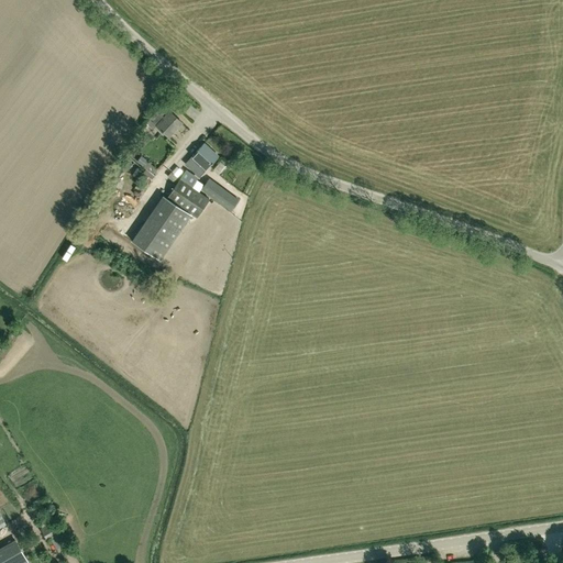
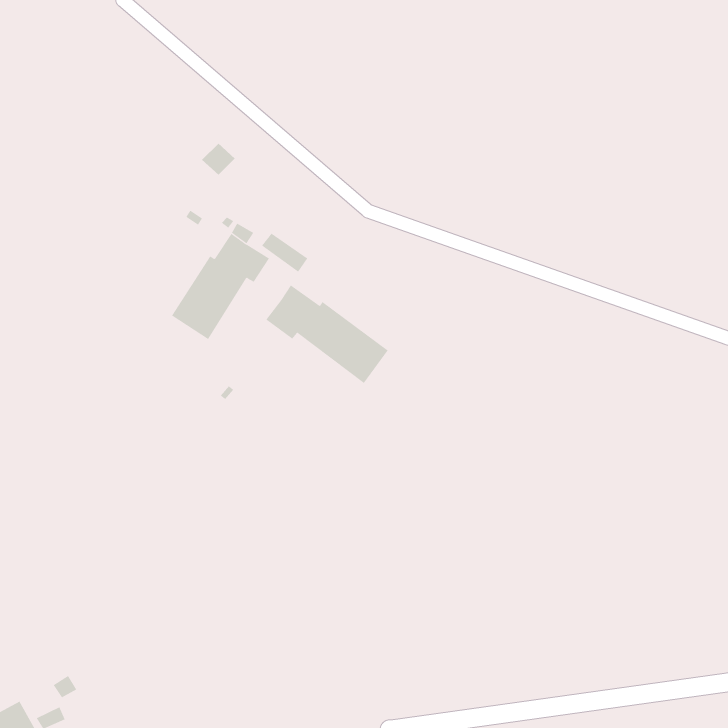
building: [185,143,217,176] -> none
building: none -> [265,284,388,384]

